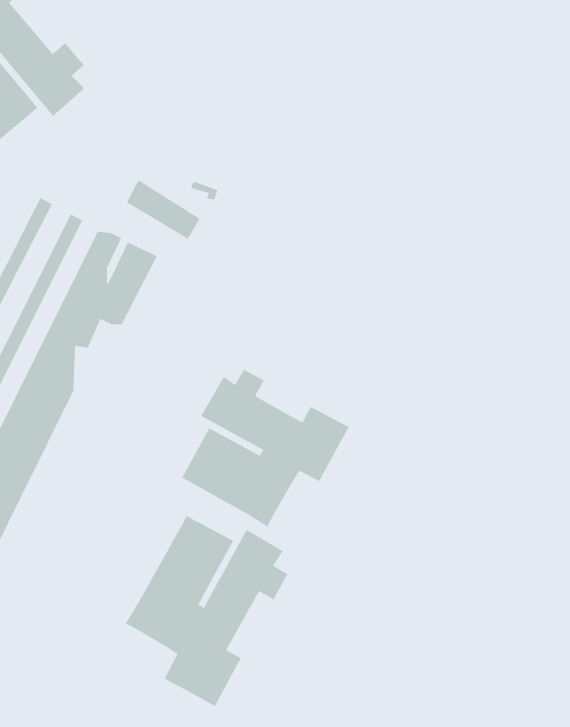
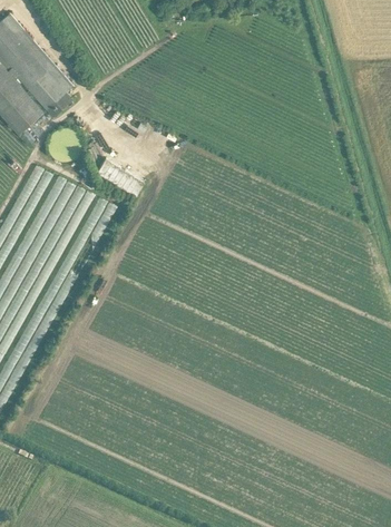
building: [181,368,350,528] -> none
building: [125,515,289,707] -> none

